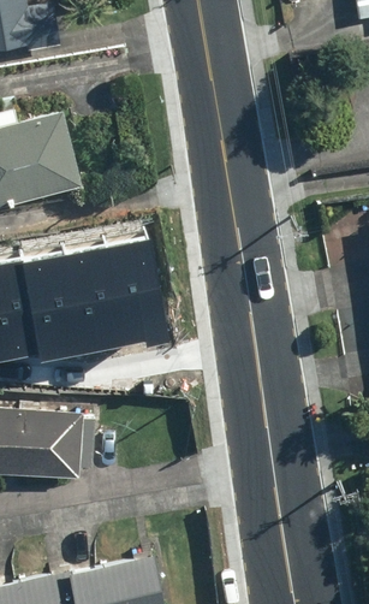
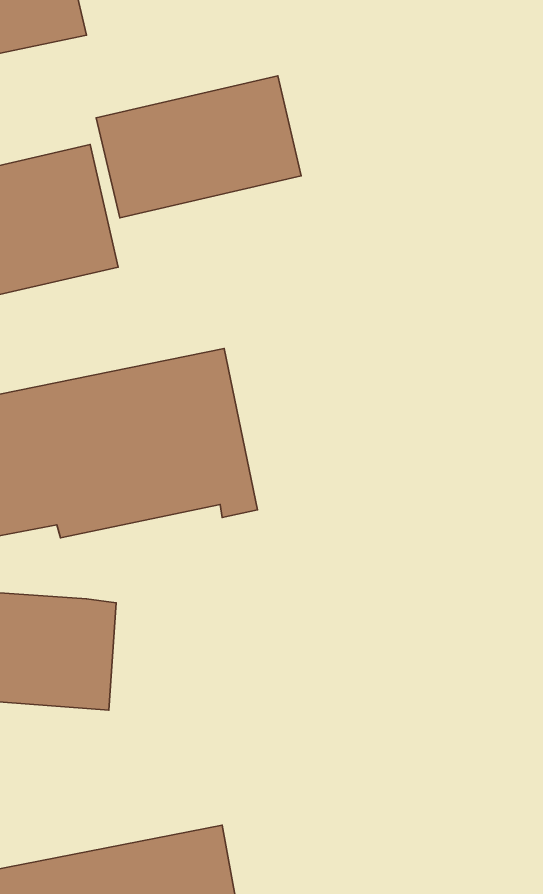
building: none -> [96,76,301,218]

